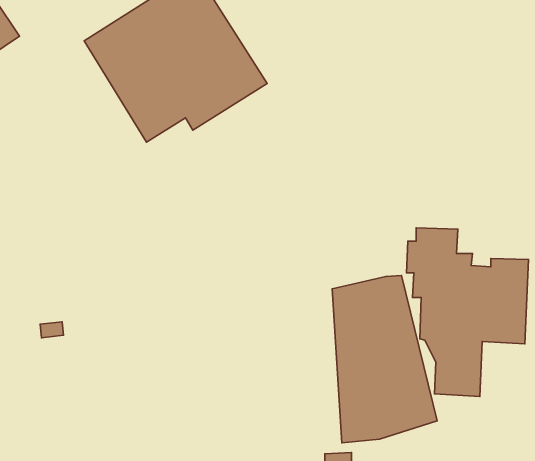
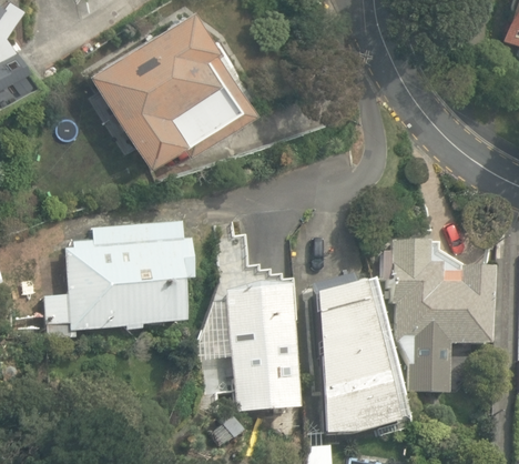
building: none -> [48,221,196,332]
building: none -> [222,286,298,415]

